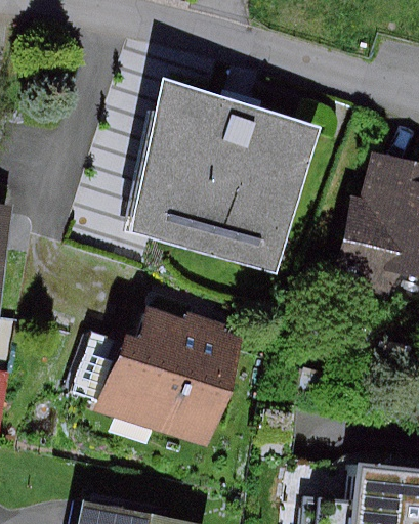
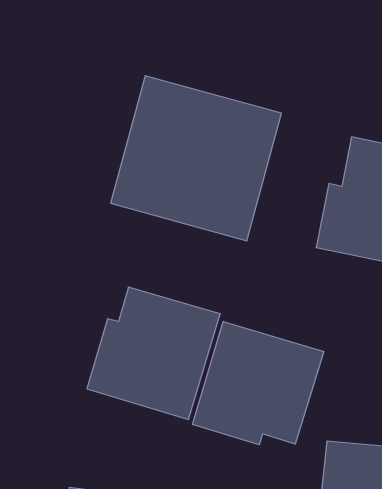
building: none -> [193,321,324,445]

